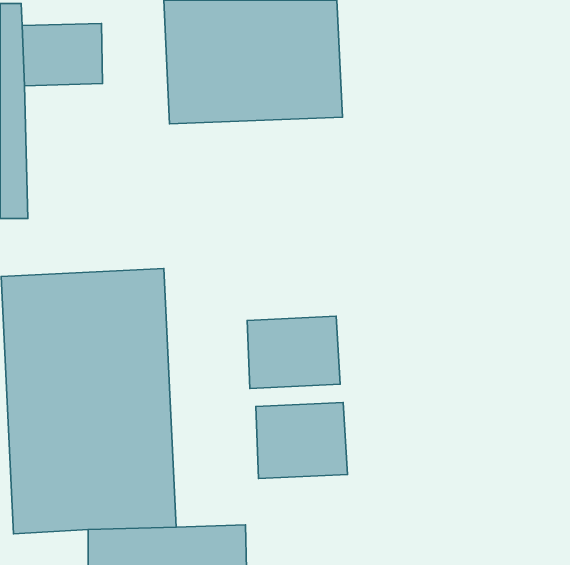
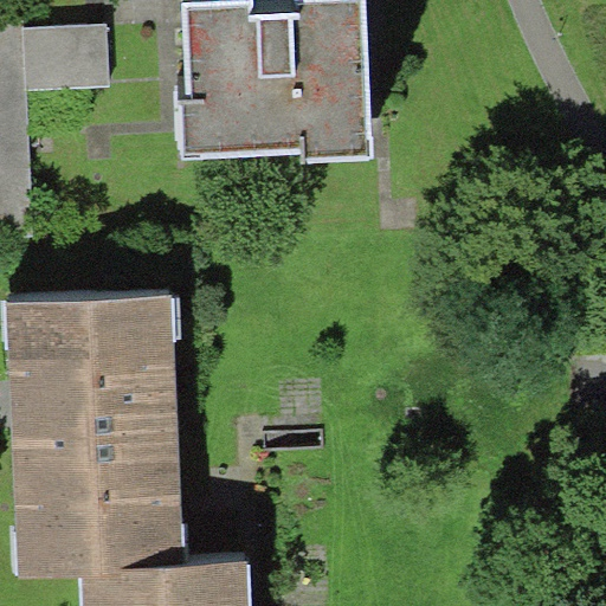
building: [247,316,340,389] -> none
building: [256,402,347,479] -> none

